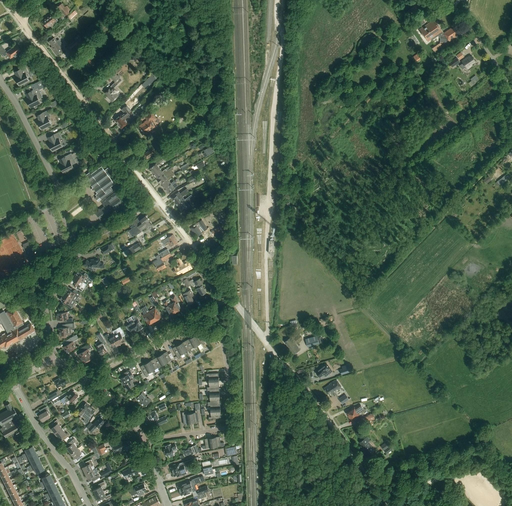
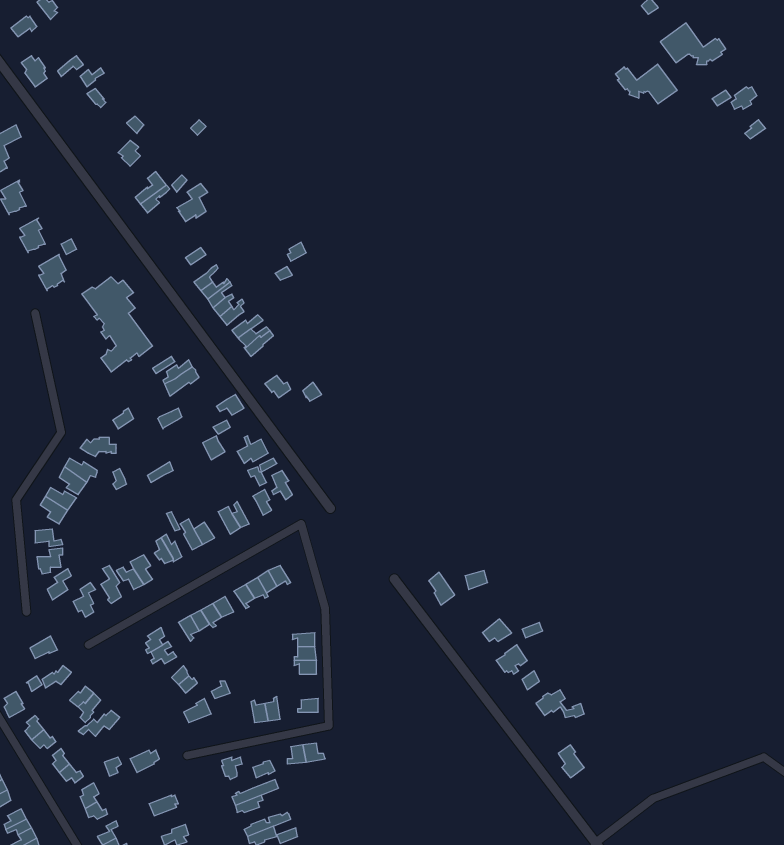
building: none -> [615,64,677,104]

